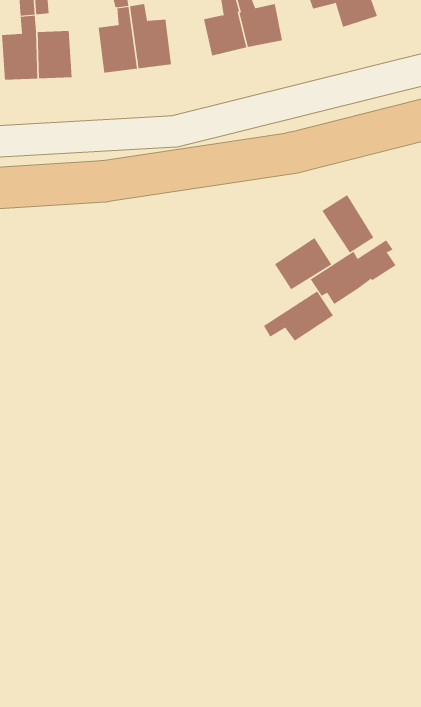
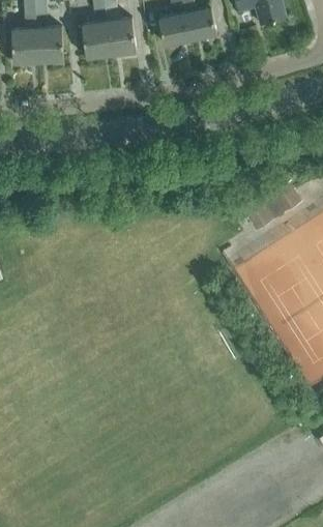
building: [321,194,374,254] -> none
building: [274,237,332,290] -> none
building: [263,291,334,341] -> none

